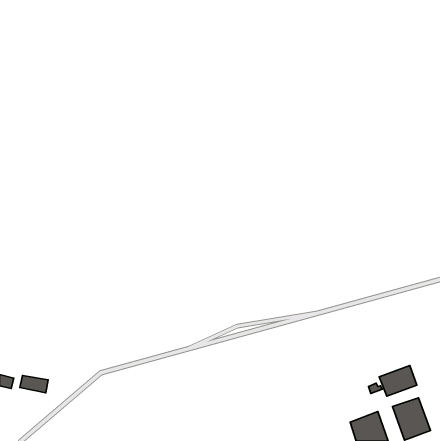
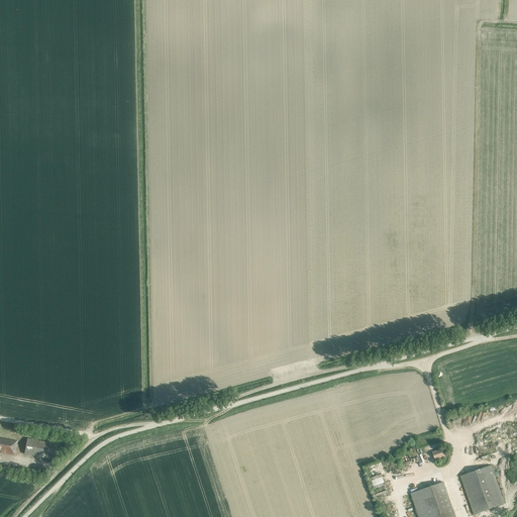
building: [379,366,417,396] -> none

